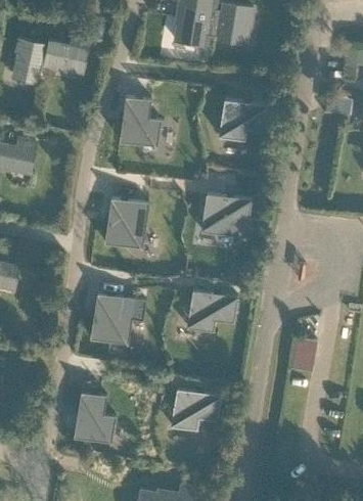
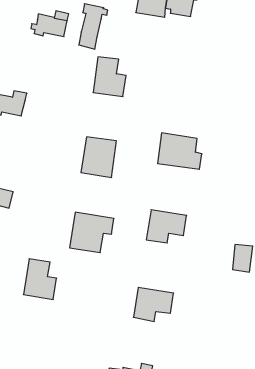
building: [12,41,49,98] -> [79,4,108,49]
building: [218,98,269,140] -> none
building: [74,392,116,443] -> [23,259,57,299]

